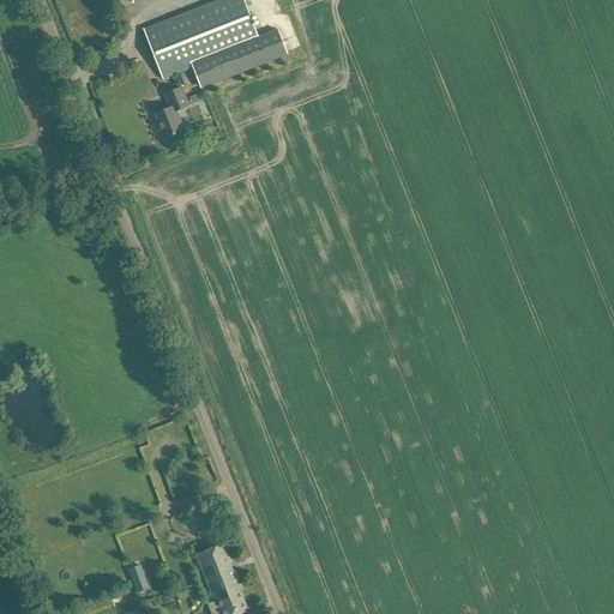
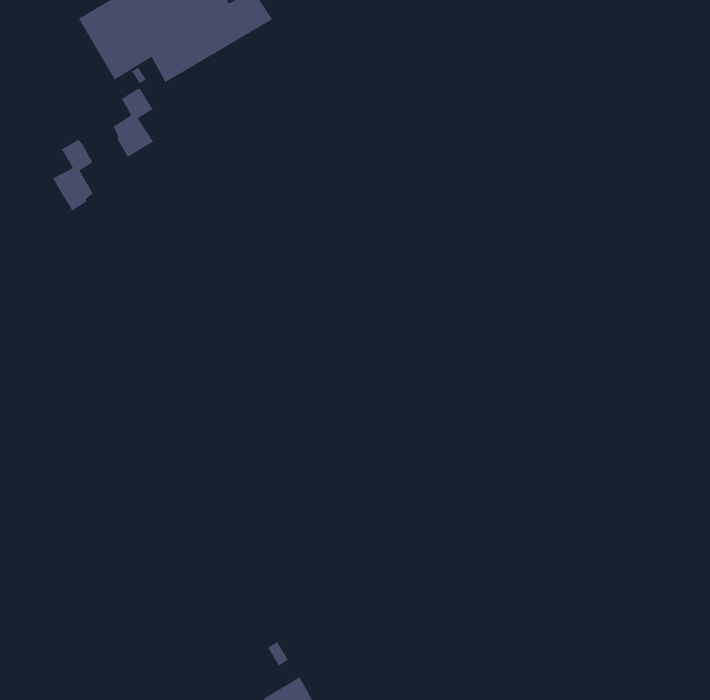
building: none -> [52,139,94,212]

